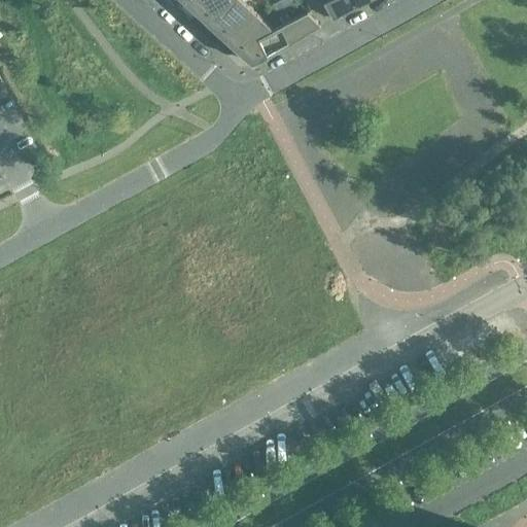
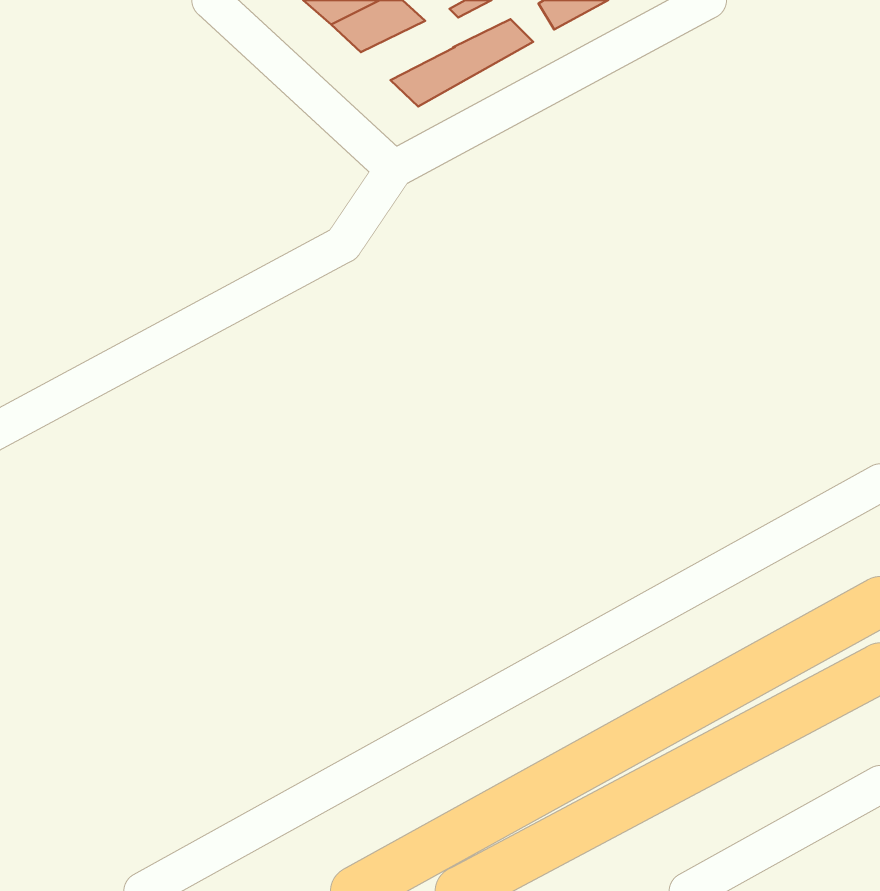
building: [213,12,269,47] -> none

